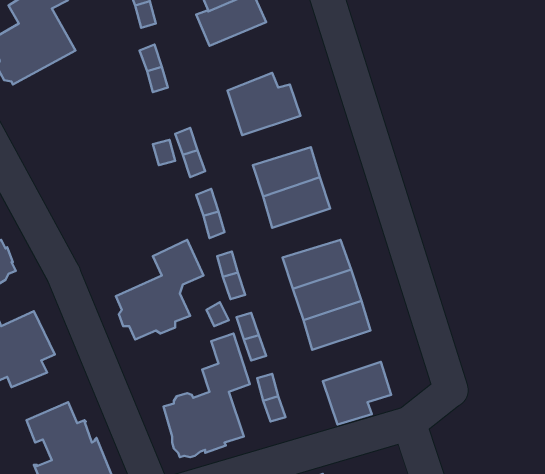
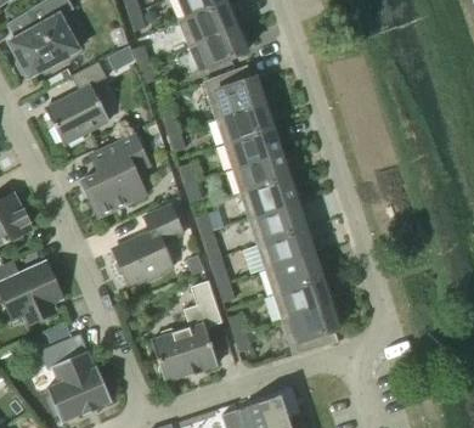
building: none -> [190,26,246,71]
building: none -> [45,60,109,143]
building: none -> [216,102,272,142]
building: none -> [80,134,149,216]
building: none -> [241,178,297,218]
building: none -> [273,277,329,319]

